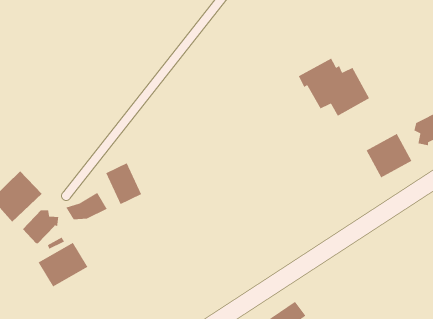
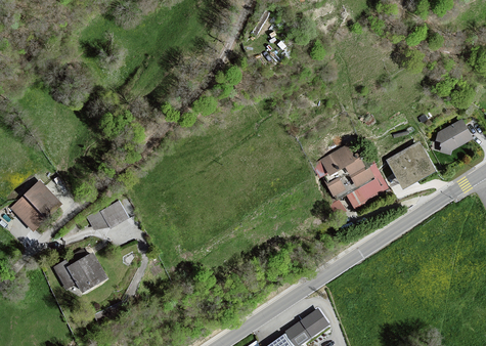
building: [298,58,370,117] -> [313,145,386,205]
building: [105,162,142,205] -> none
building: [22,210,59,244] -> none

